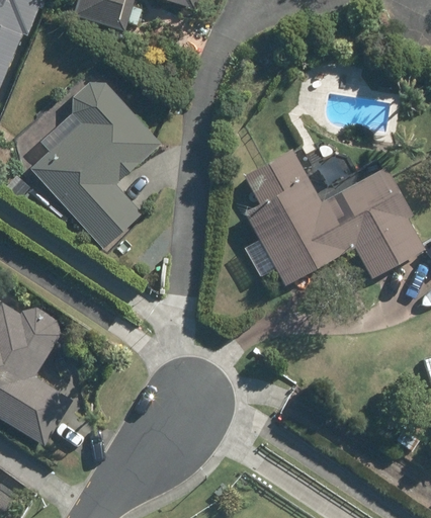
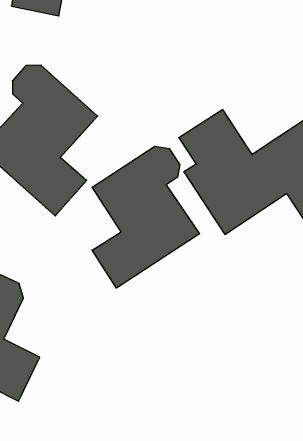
building: none -> [92,146,200,288]

